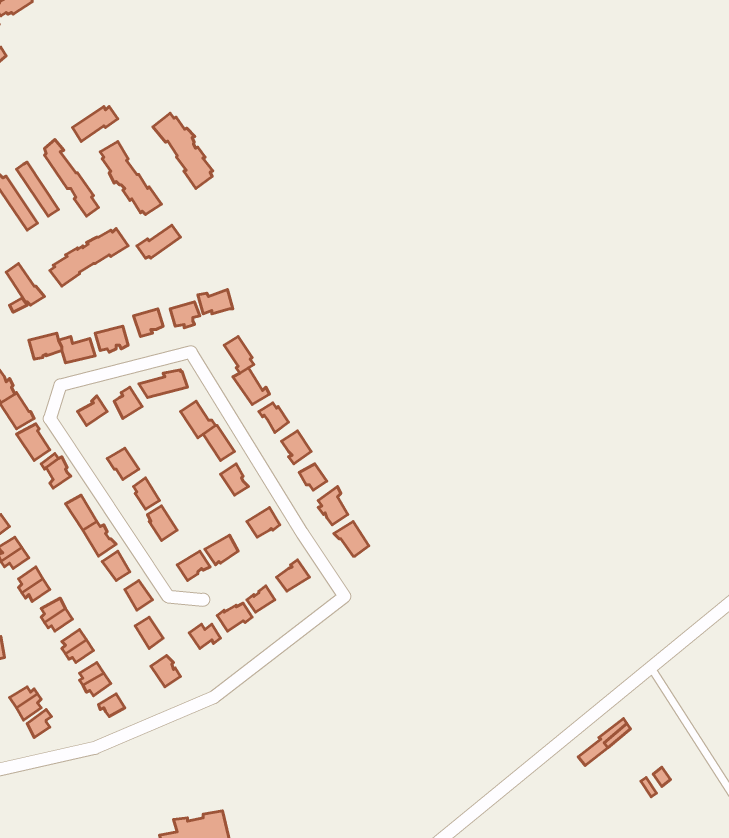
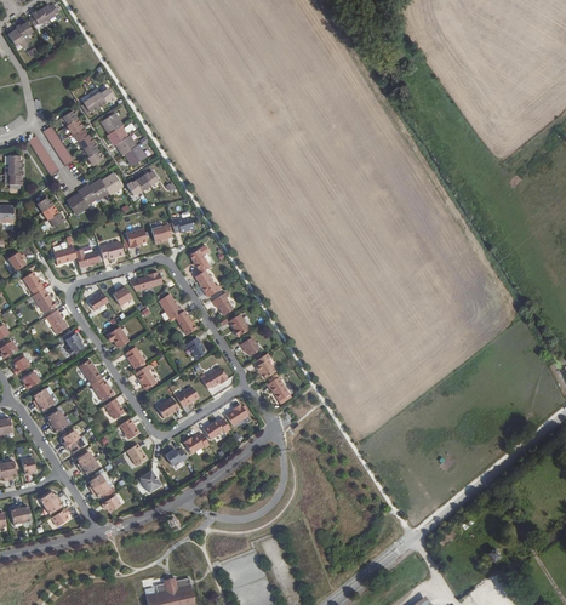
building: [153,113,213,188] -> none

